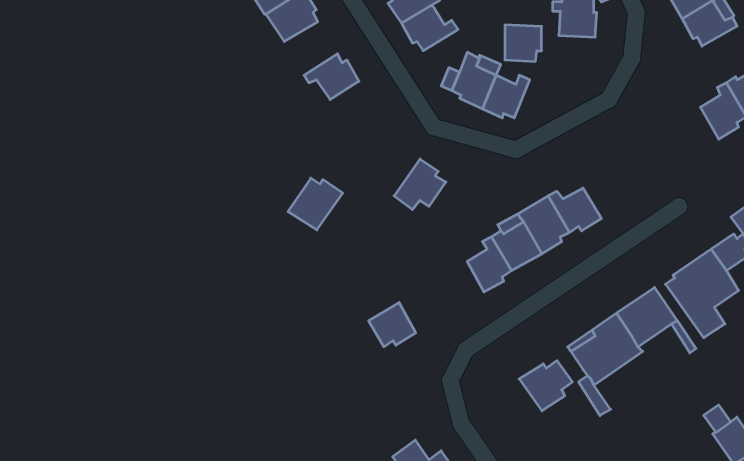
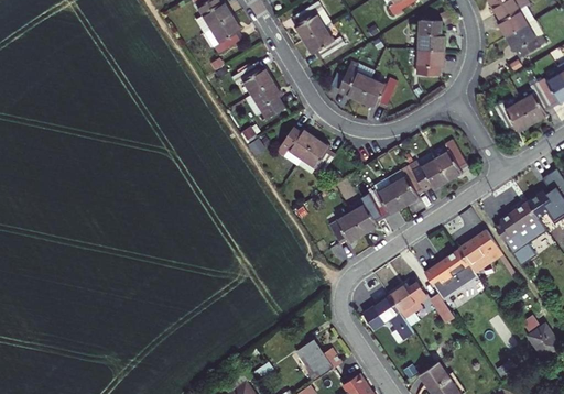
building: [505,25,542,61] -> [416,48,443,75]
building: none -> [246,81,284,121]
building: none -> [494,100,532,132]
building: none -> [434,140,466,180]
building: [288,178,343,230] -> [276,127,316,164]
building: [369,302,416,347] -> [328,211,362,243]
building: none -> [362,296,413,340]

